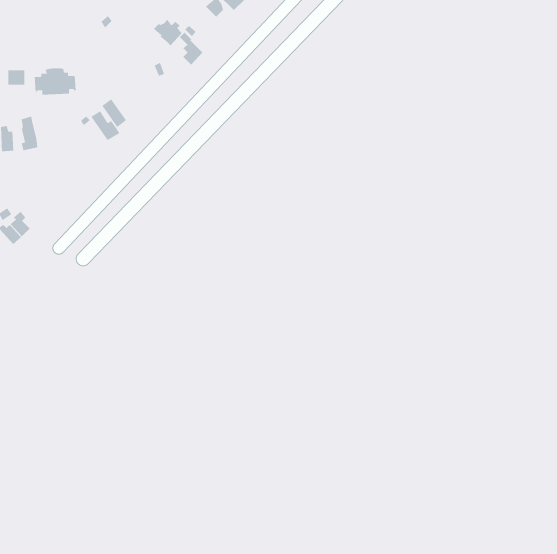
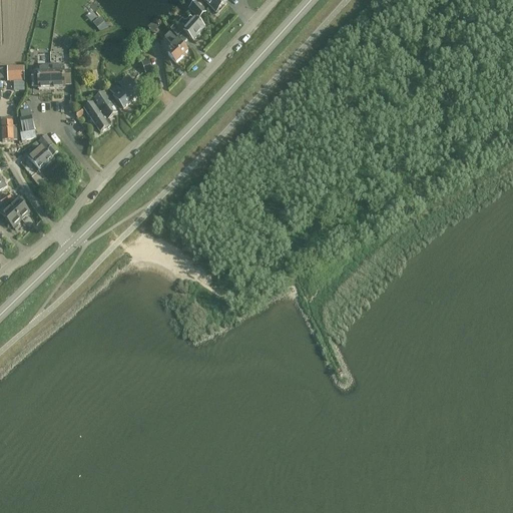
building: [153,19,183,46] -> [176,13,203,38]
building: none -> [109,74,139,106]
building: none -> [26,133,58,167]

